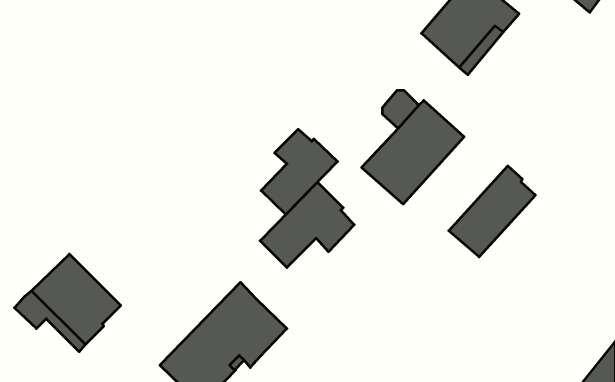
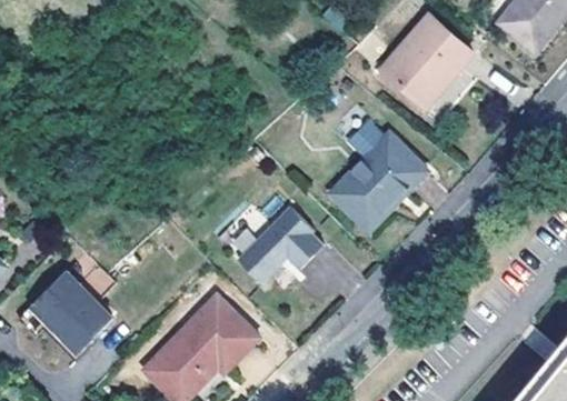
building: [261,129,338,214] -> none
building: [449,166,535,257] -> none

